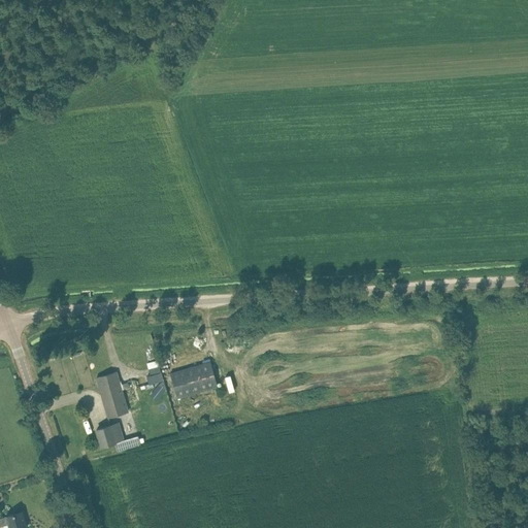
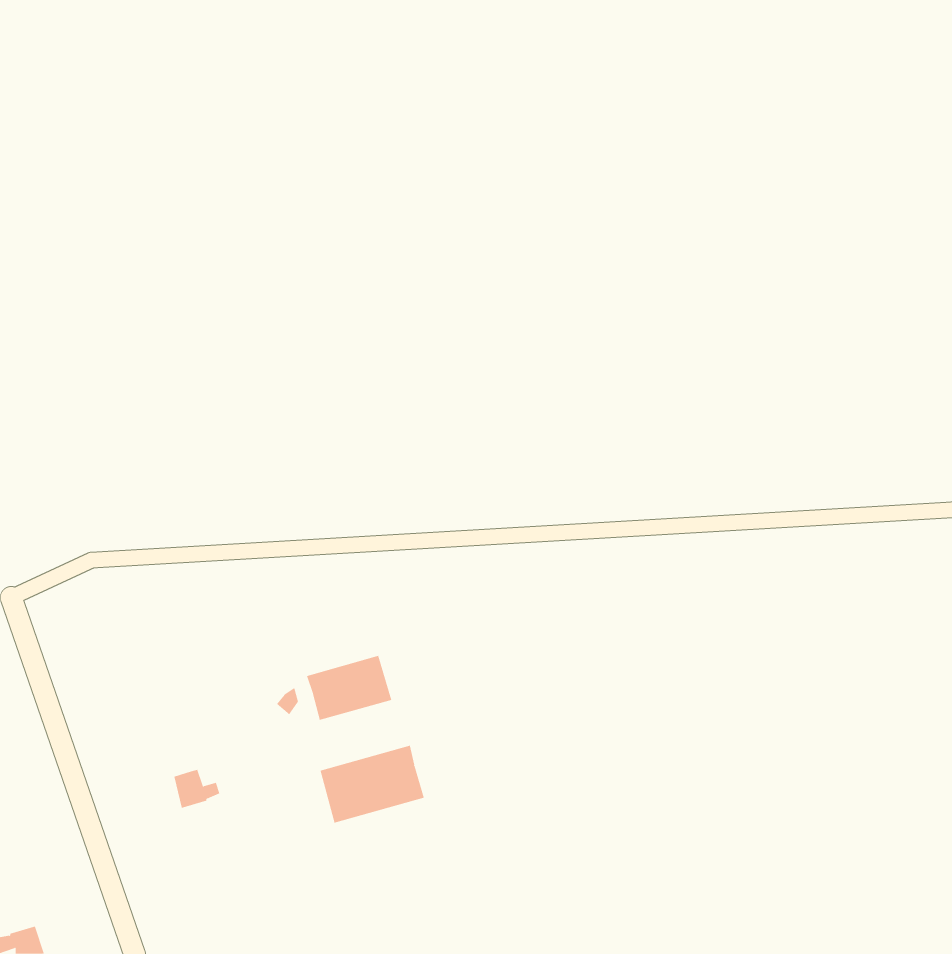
building: [96,371,130,418] -> none
building: none -> [320,745,425,824]

